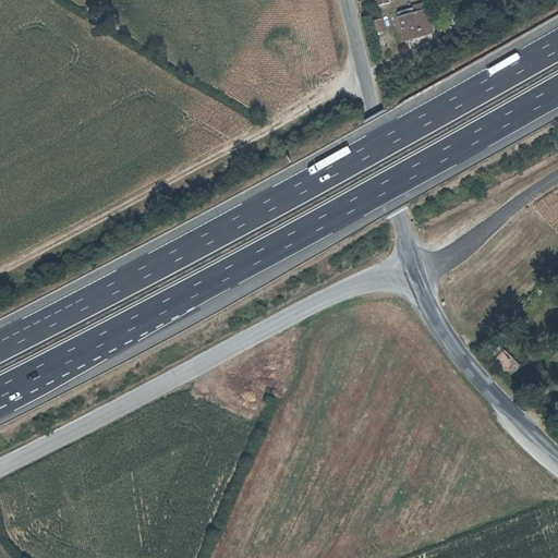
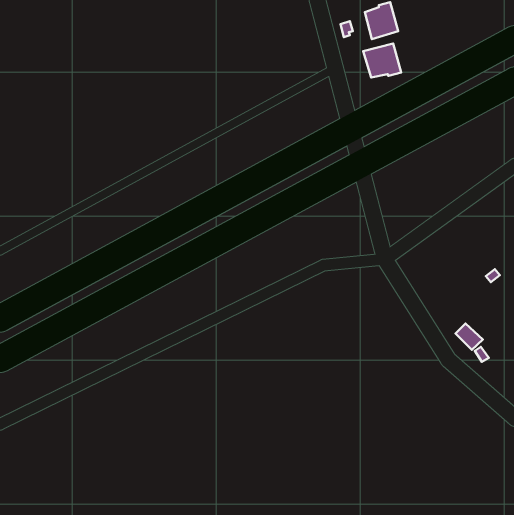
building: none -> [363,44,401,78]

